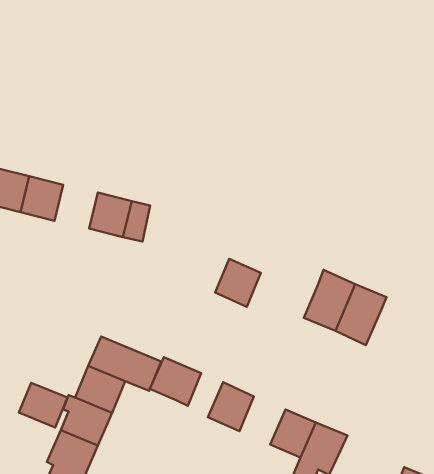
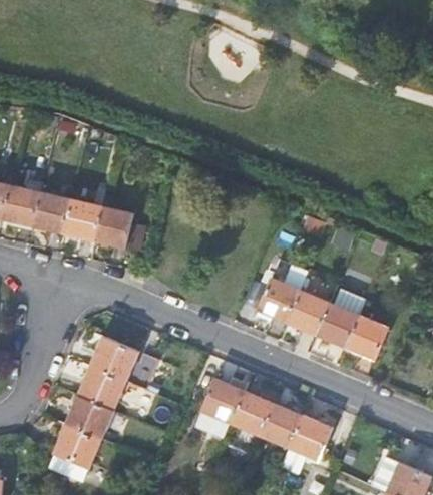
building: none -> [60,198,100,238]
building: [215,259,261,307] -> [261,277,303,321]
building: none -> [347,314,389,358]
building: [150,357,201,406] -> none
building: [19,383,68,427] -> none
building: none -> [231,393,273,437]

